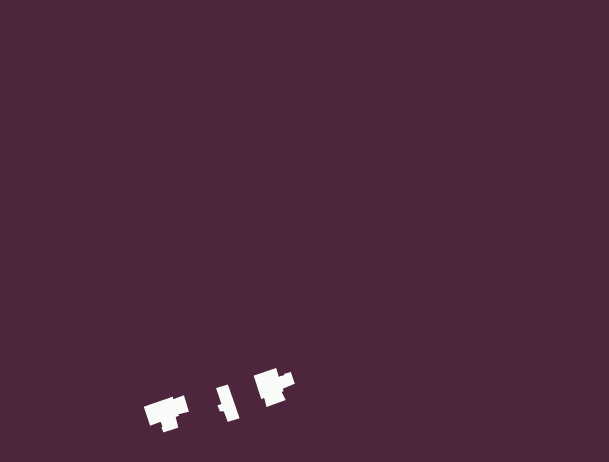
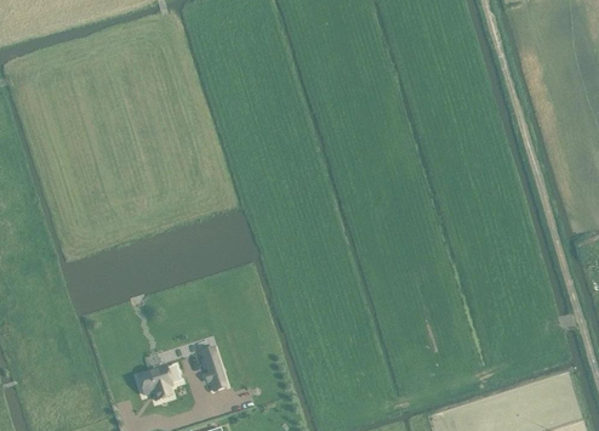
building: [253,367,296,408] -> none

